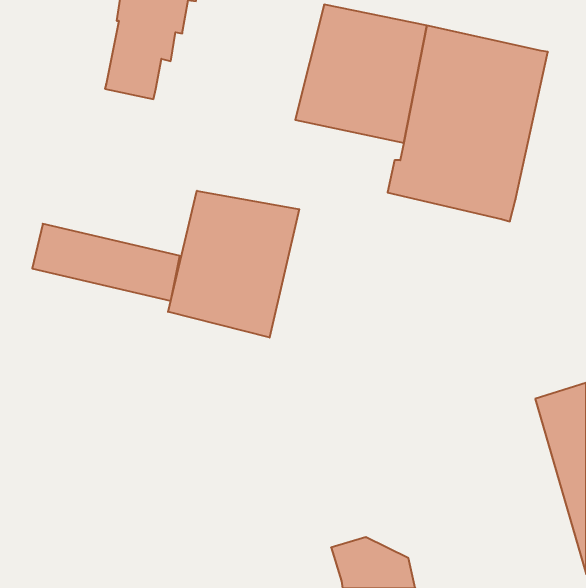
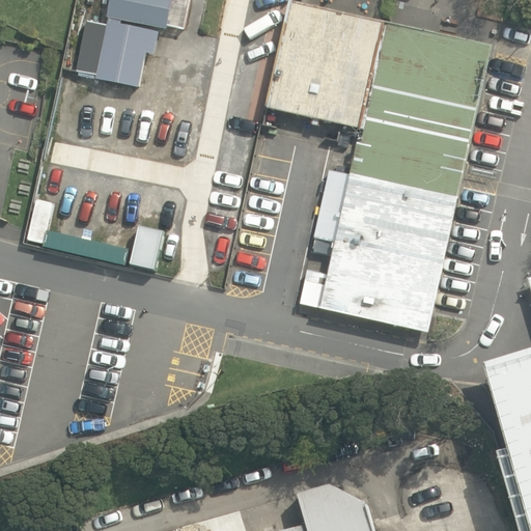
building: none -> [299,169,458,334]
building: [168,191,299,338] -> none

